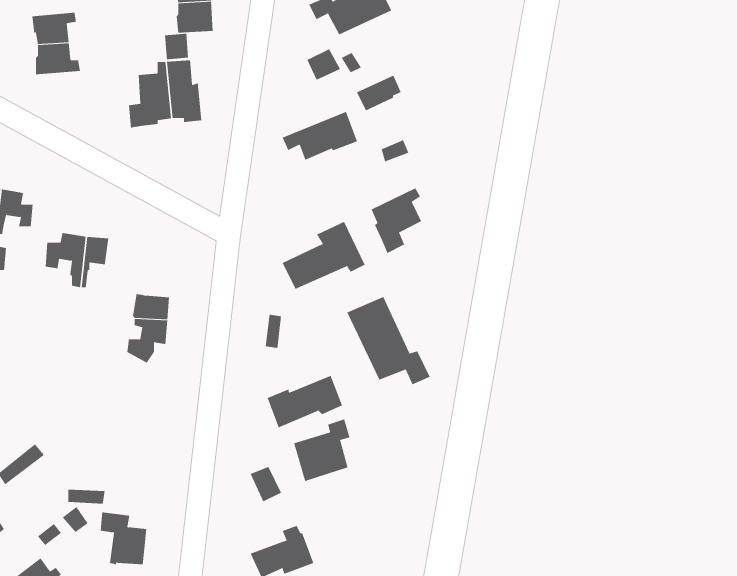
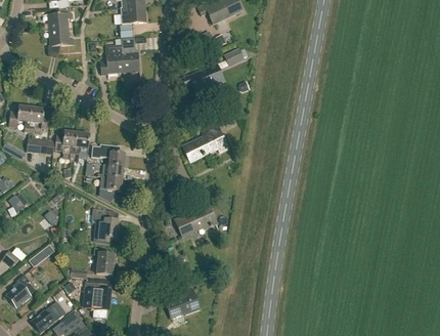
building: [371,188,422,254] -> none
building: none -> [90,143,124,165]
building: [347,296,431,385] -> none
building: none -> [91,209,117,243]
building: [293,418,350,482] -> none
building: none -> [93,248,114,274]

